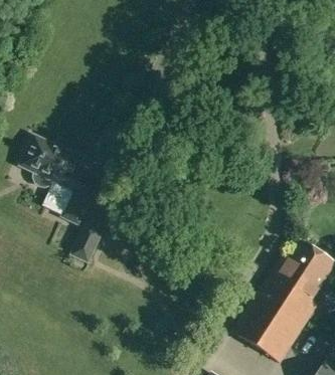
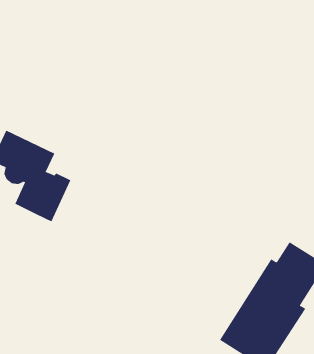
building: [73,223,102,258] -> none

